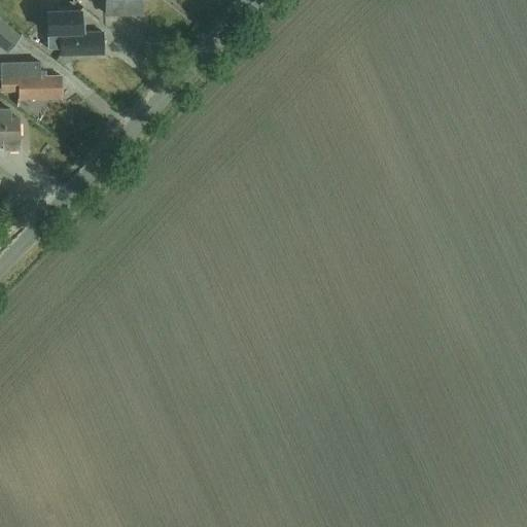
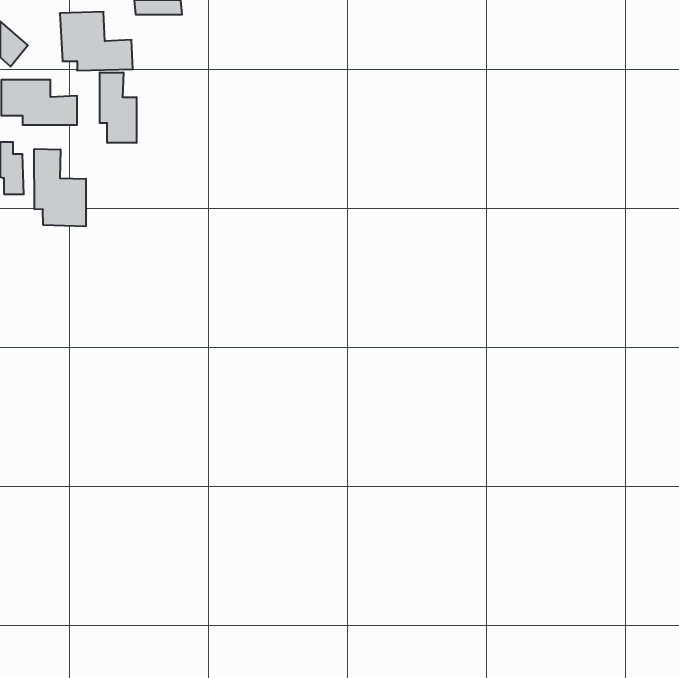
building: none -> [100,72,136,143]
building: none -> [34,149,86,226]

